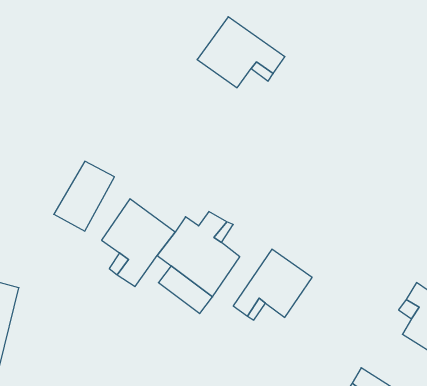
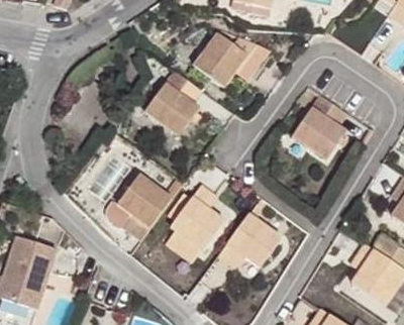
building: none -> [143,72,200,138]
building: none -> [291,96,346,160]

